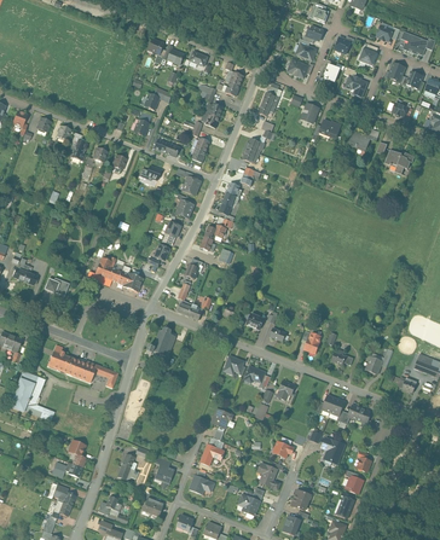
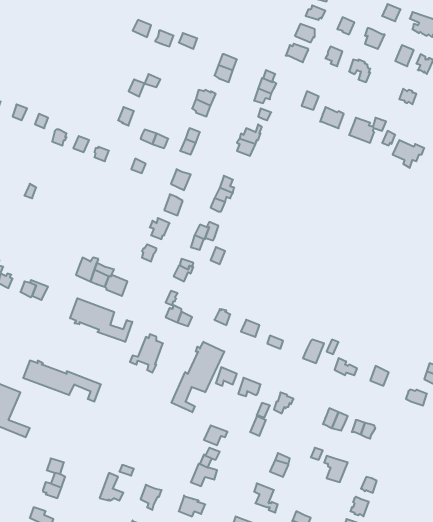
building: none -> [70,298,132,342]
building: none -> [171,342,224,412]

